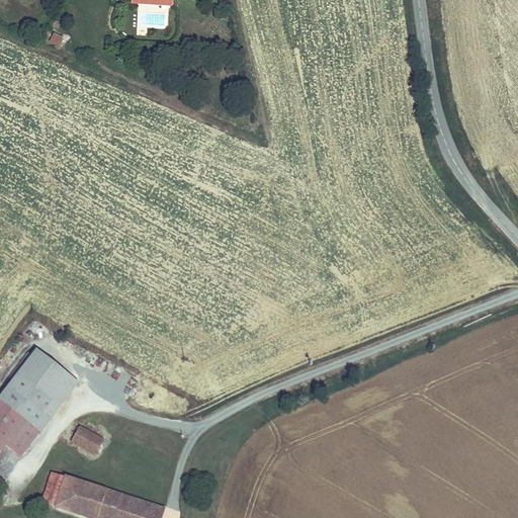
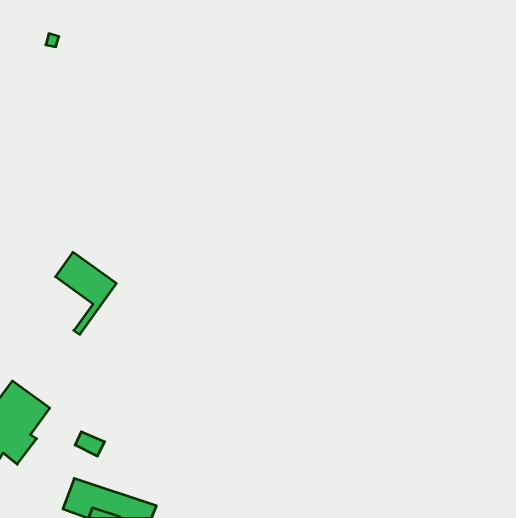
building: [12,355,73,437] -> [55,252,116,334]
building: [38,467,74,507] -> none

